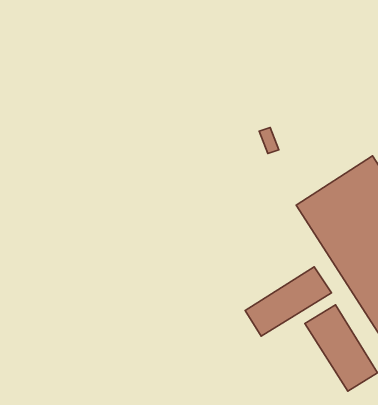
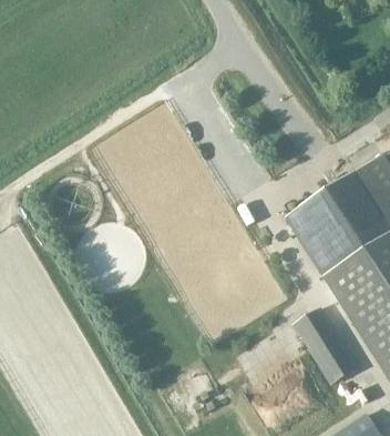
building: [245,267,331,336] -> none

